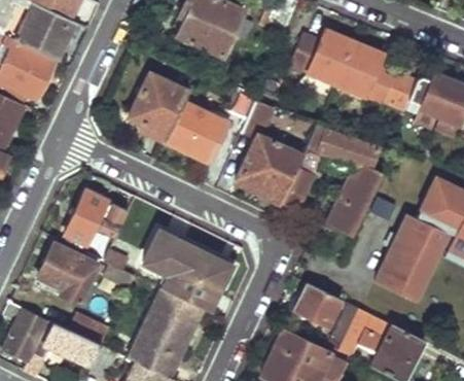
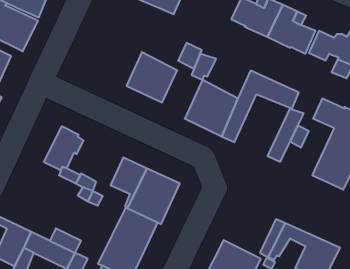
building: [126,73,187,142] -> none
building: [37,244,99,305] -> none
building: [378,251,429,299] -> none
building: [294,283,341,327] -> none

